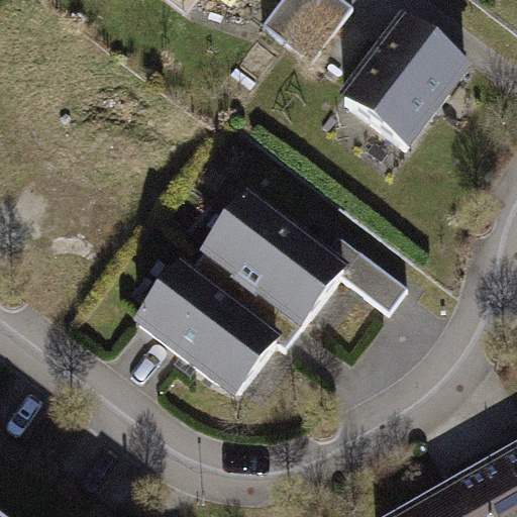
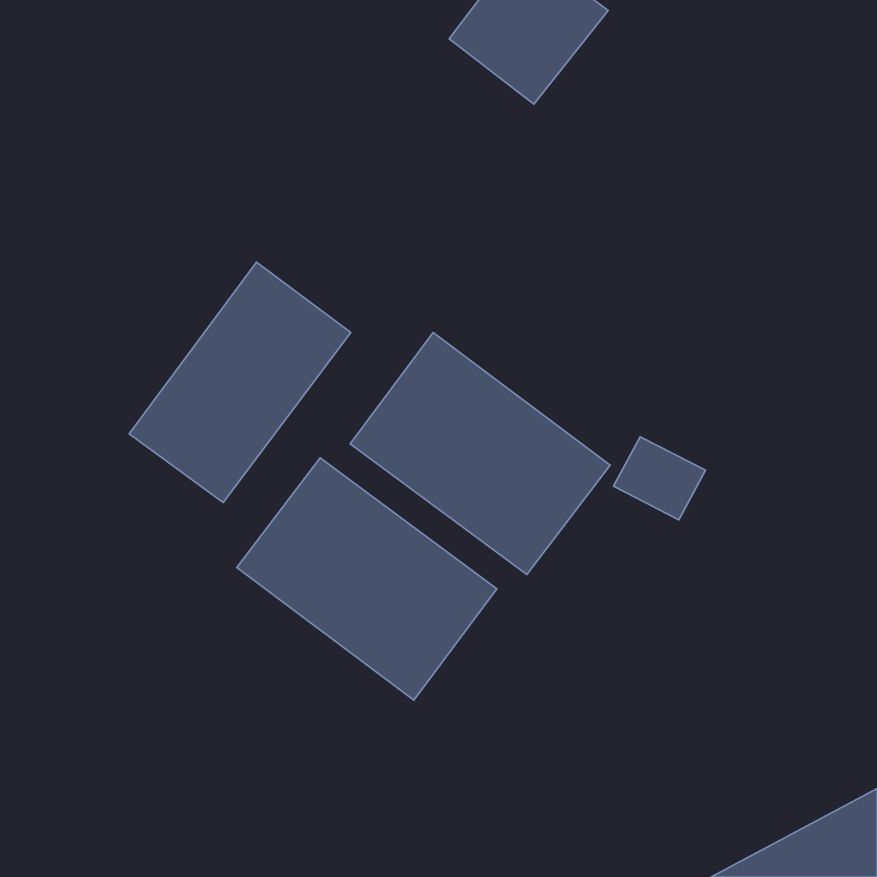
building: [341,15,473,146] -> none
building: none -> [129,262,351,502]

